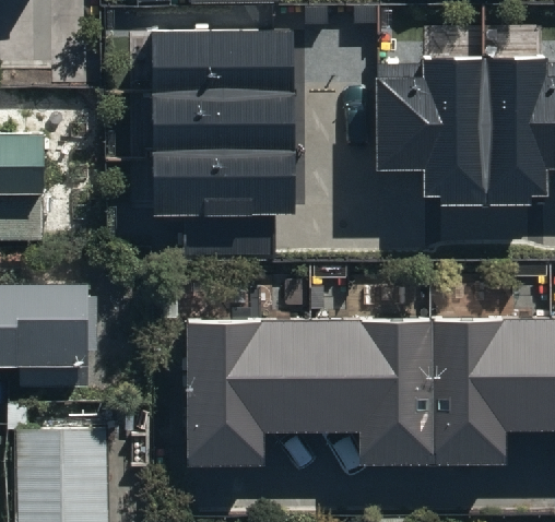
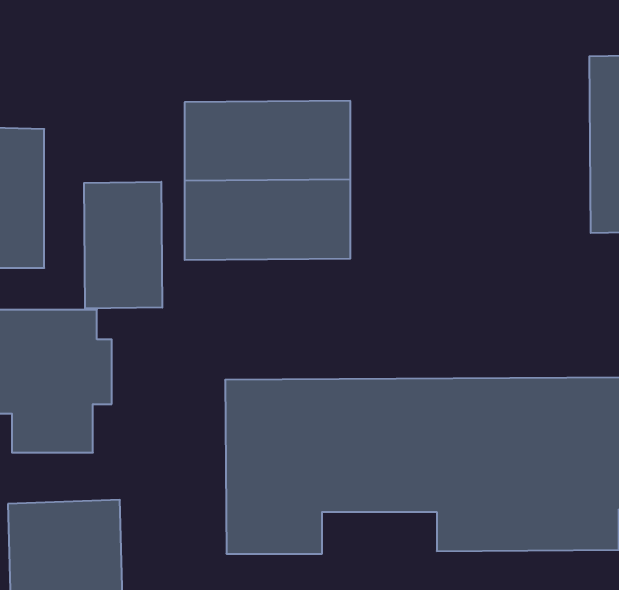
building: [155,34,290,98] -> none
building: [378,61,484,204] -> none
building: none -> [84,182,162,309]

